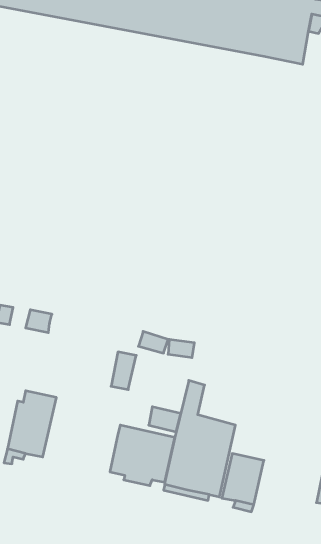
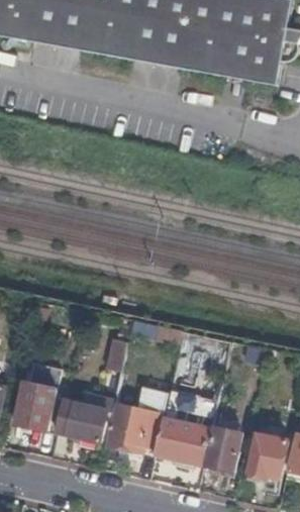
building: none -> [56,395,115,443]
building: none -> [247,435,288,481]

